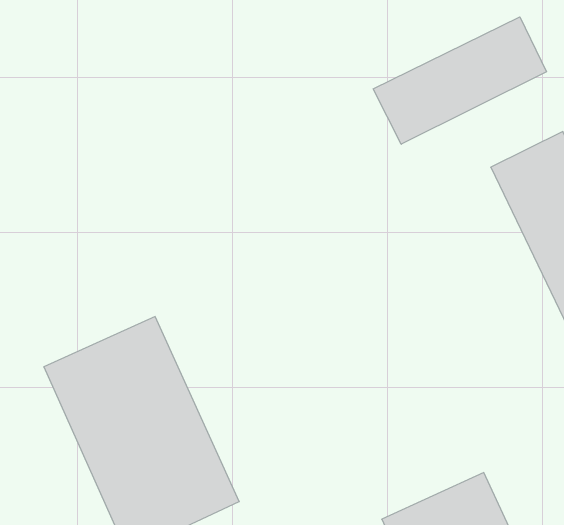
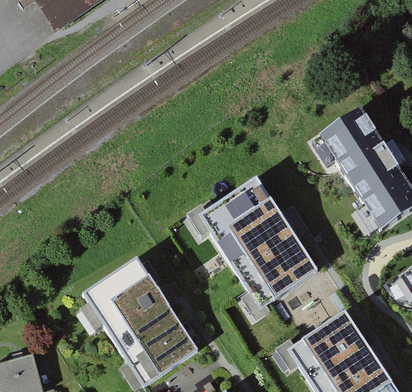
building: [373,17,546,144] -> none
building: none -> [201,179,315,305]

